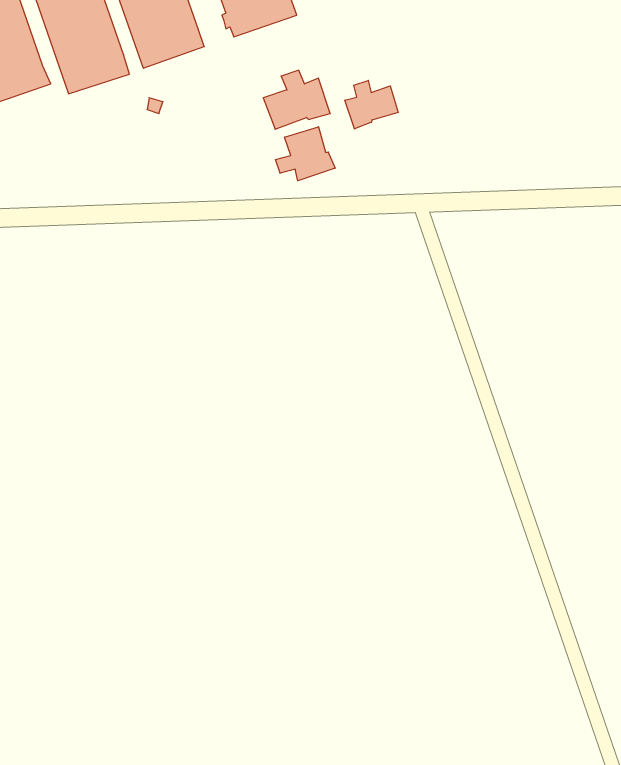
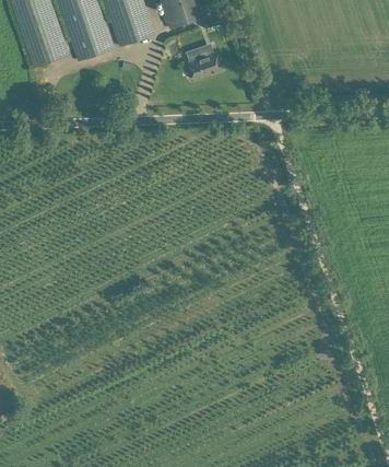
building: [345,80,398,129] -> none
building: [275,127,335,181] -> none

